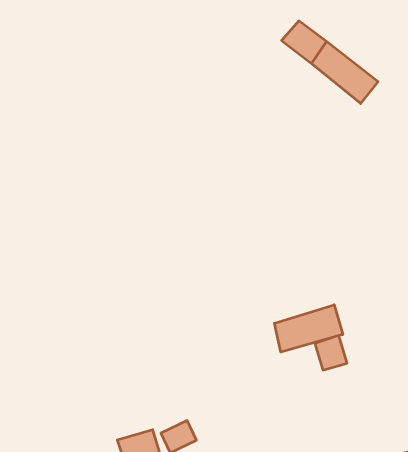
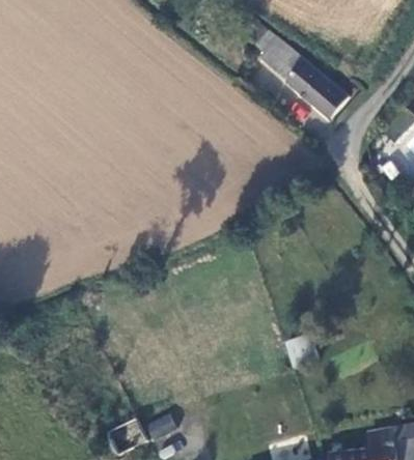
building: [274,305,343,352] -> none

